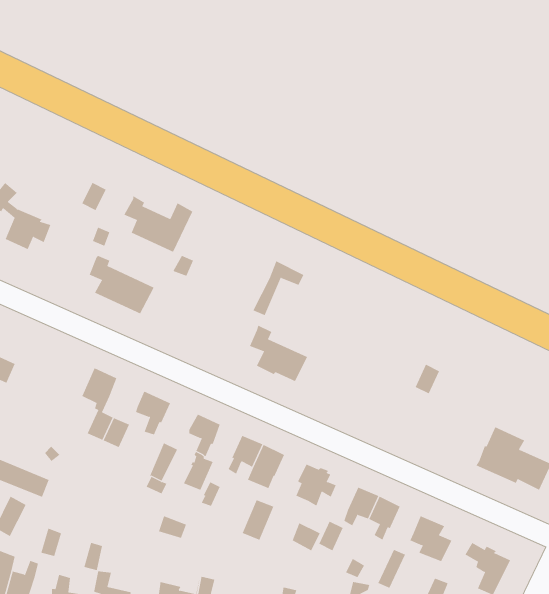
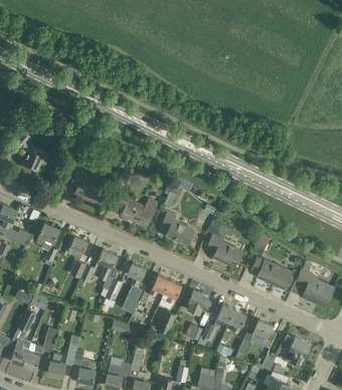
building: [124,195,193,252] -> [117,194,156,226]
building: none -> [206,221,242,265]
building: none -> [35,223,58,261]
building: none -> [251,256,298,288]

